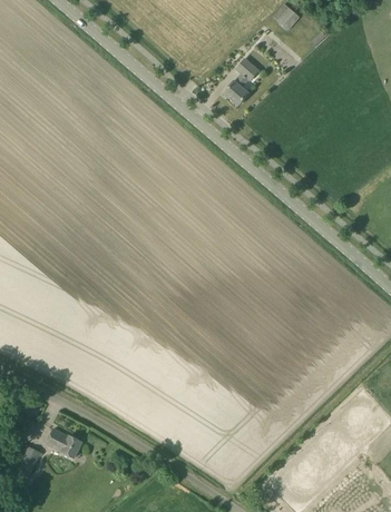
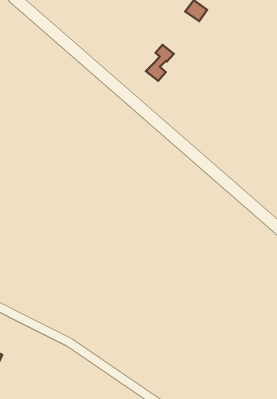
building: [46,429,82,457] -> none

